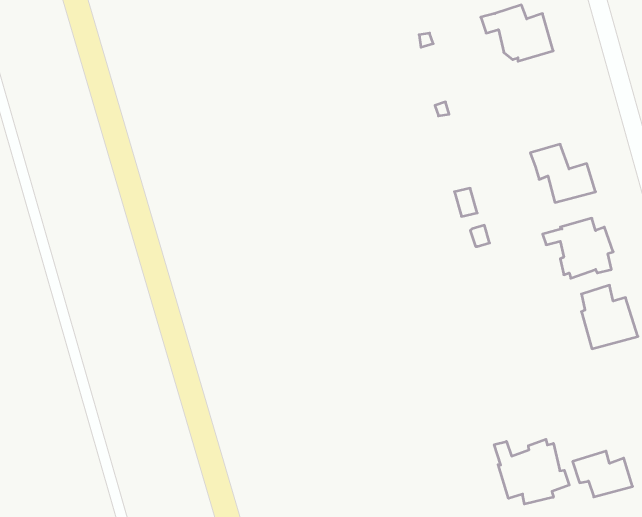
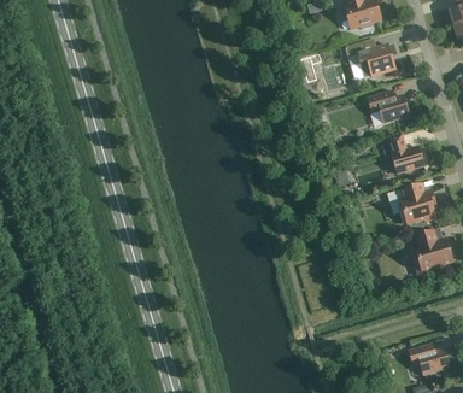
building: none -> [368,89,409,122]
building: [494,439,569,504] -> none

